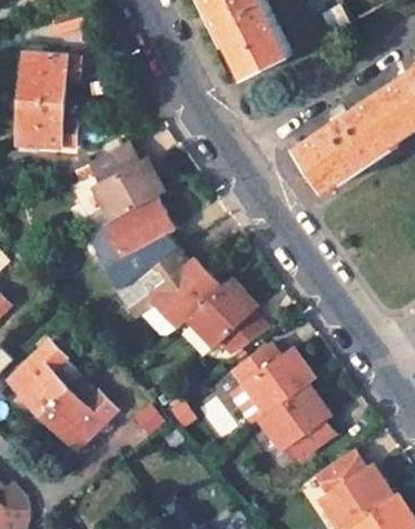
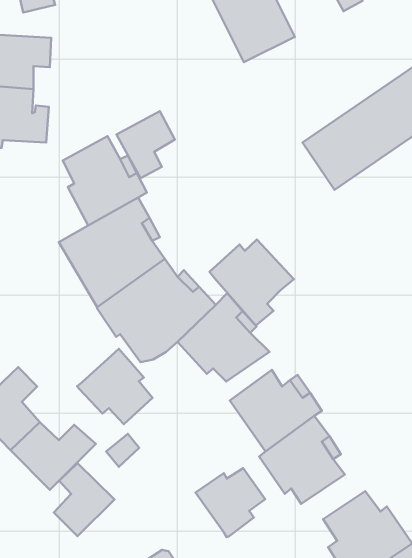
building: none -> [116,111,175,178]
building: none -> [210,239,294,326]
building: none -> [77,349,153,424]
building: none -> [54,463,114,536]
building: none -> [196,468,265,537]

